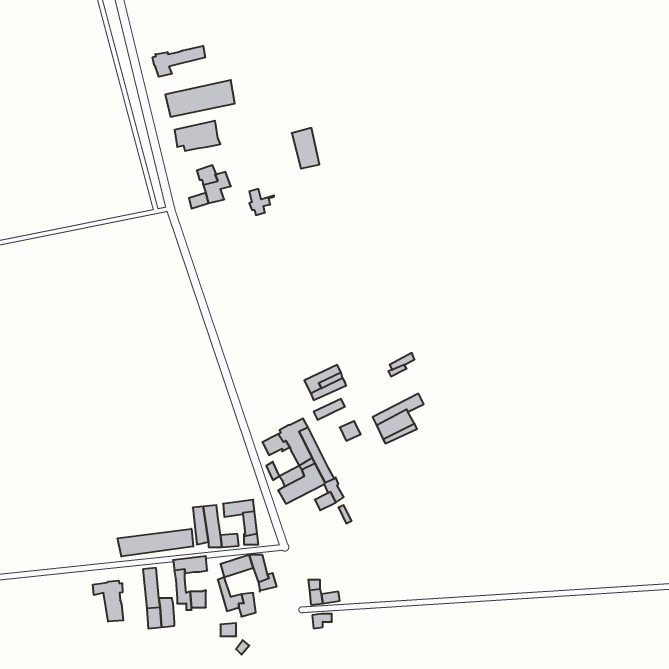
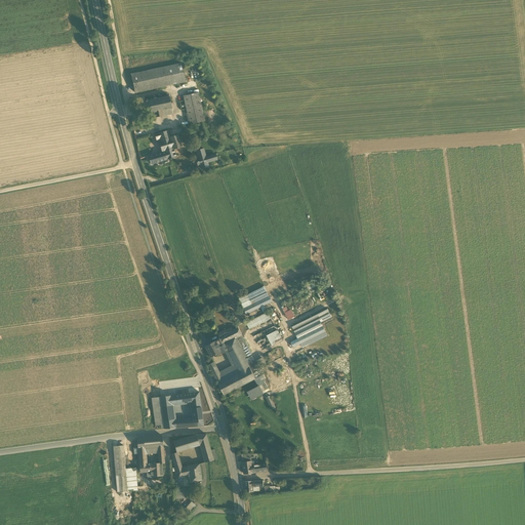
building: [153,46,205,77] -> none
building: [292,128,319,169] -> [181,91,203,123]
building: [118,529,193,557] -> none
building: [93,581,123,622] -> none

